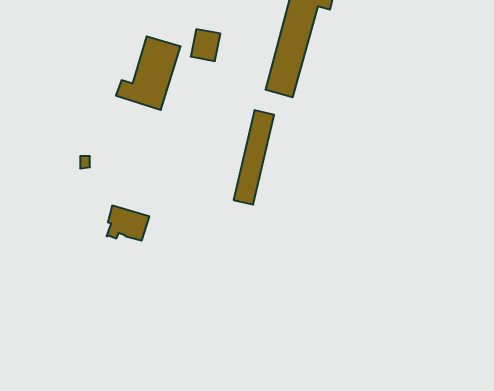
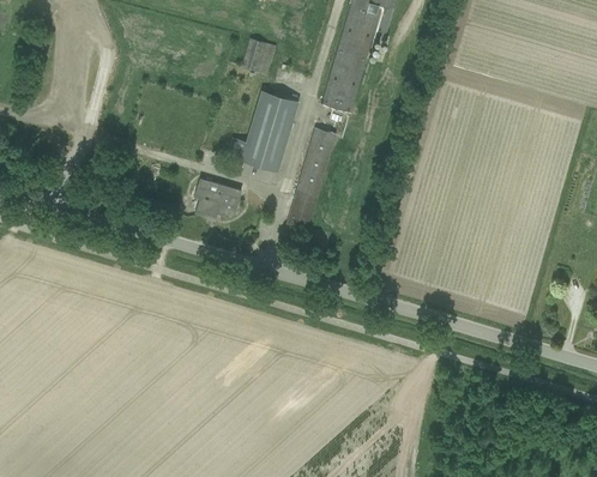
building: [116,36,181,110] -> [228,91,298,171]
building: [107,206,149,241] -> [195,180,242,218]

